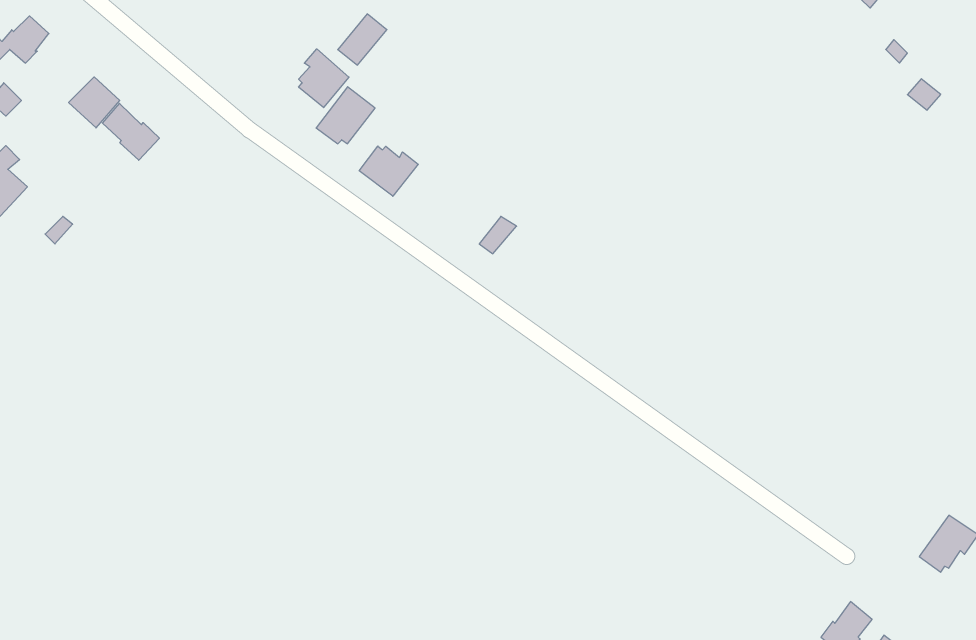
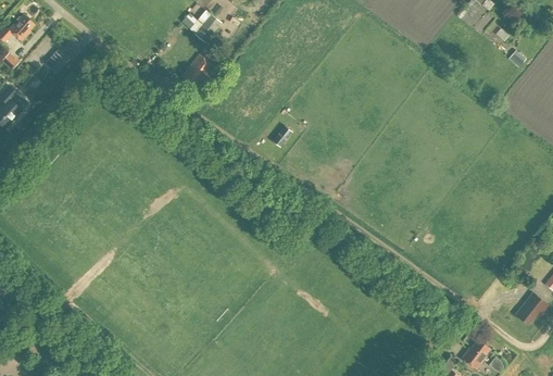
building: [299,49,349,108] -> none
building: [102,103,159,160] -> none
building: [359,146,418,196] -> none

